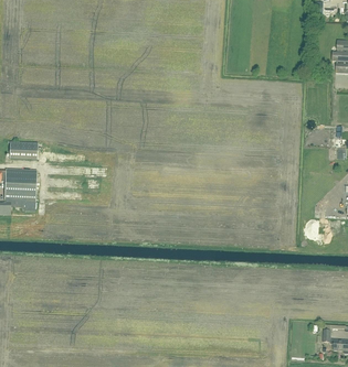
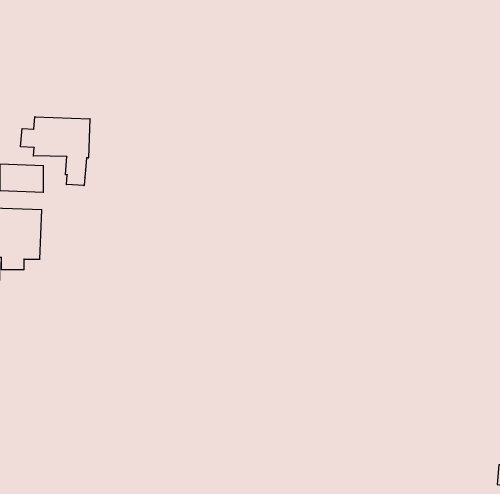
building: none -> [21,117,90,186]

